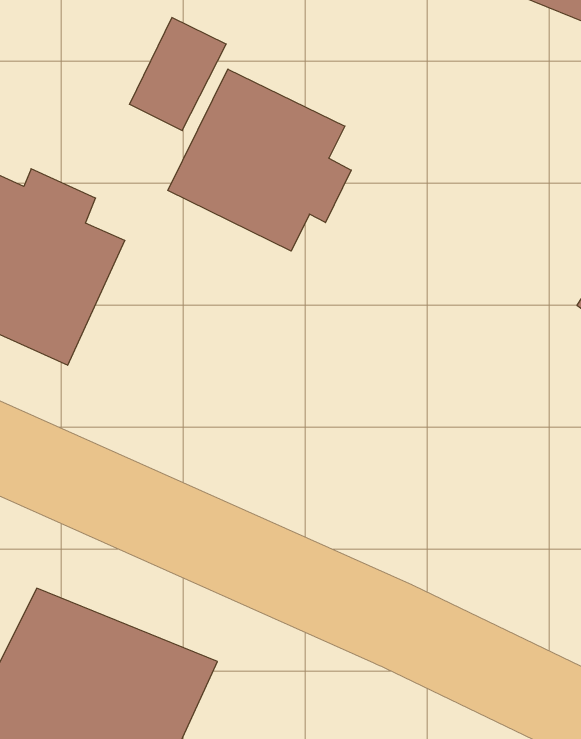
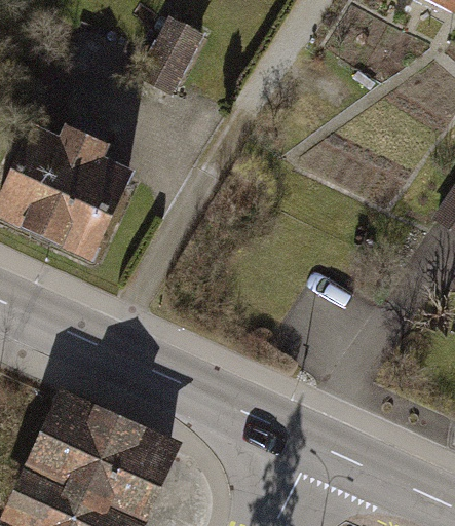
building: [168,69,351,251] -> none

